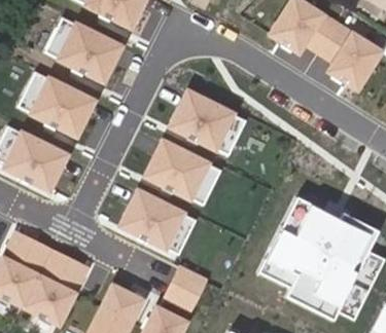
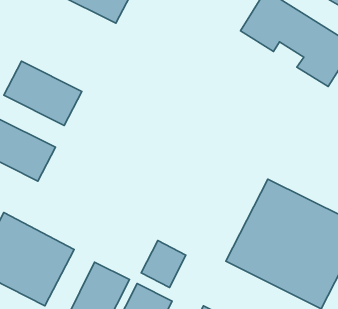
building: [47,20,130,87] -> none
building: [168,90,250,158] -> none
building: [140,139,222,207] -> none
building: [118,188,201,256] -> none

